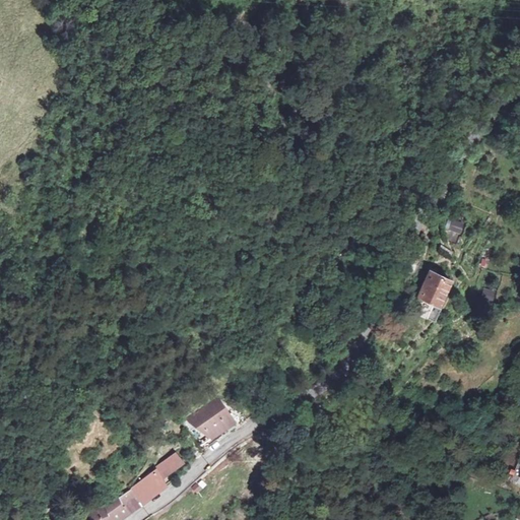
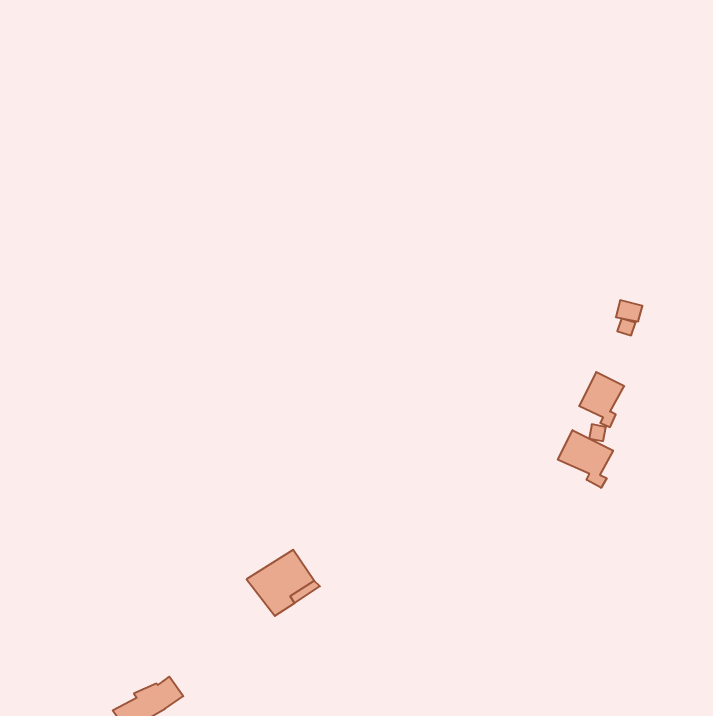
building: none -> [558,430,613,488]
building: [127,452,183,505] -> none

